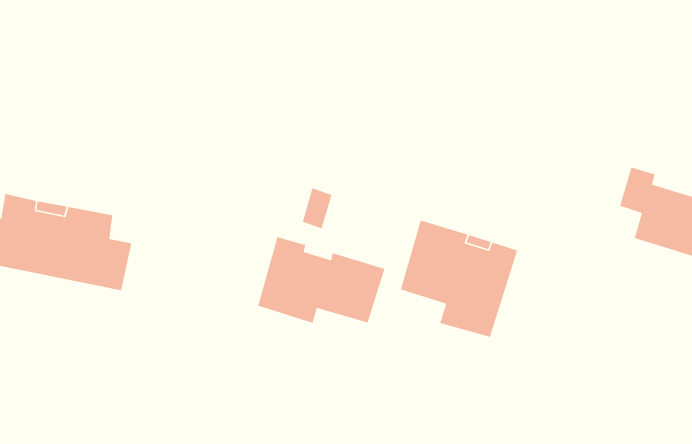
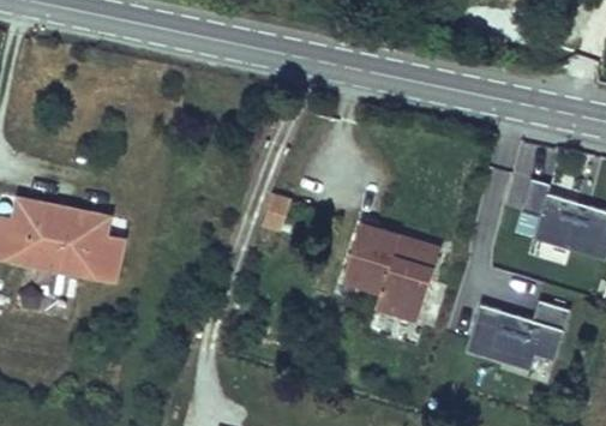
building: [257,236,386,324] -> none
building: none -> [467,300,572,368]

